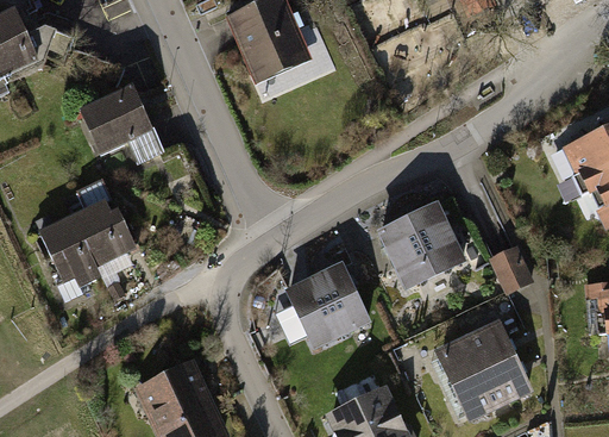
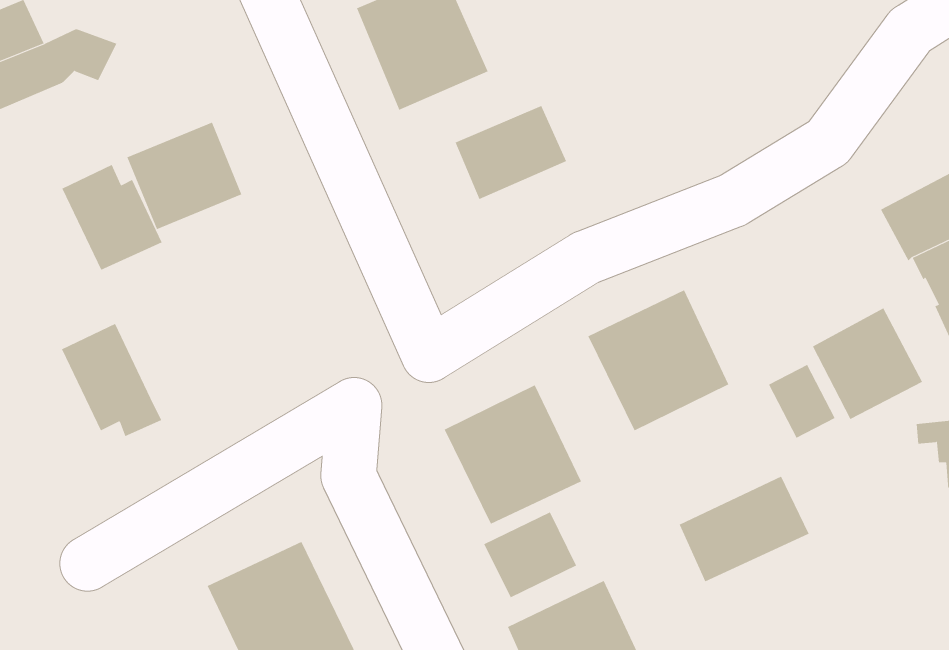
building: none -> [455,105,567,200]
building: [74,202,138,270] -> [62,164,162,271]
building: none -> [812,308,923,420]
building: none -> [484,511,577,598]
building: [450,352,533,419] -> none

